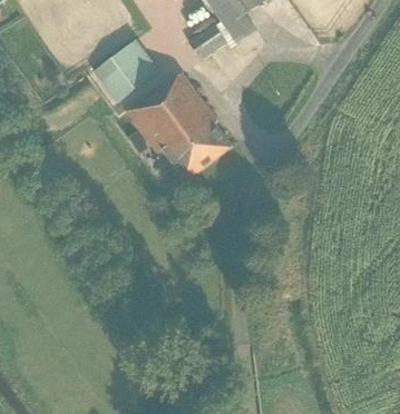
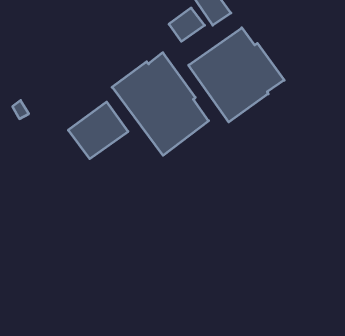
building: [94,39,159,101] -> [68,102,128,159]
building: none -> [189,28,284,122]

